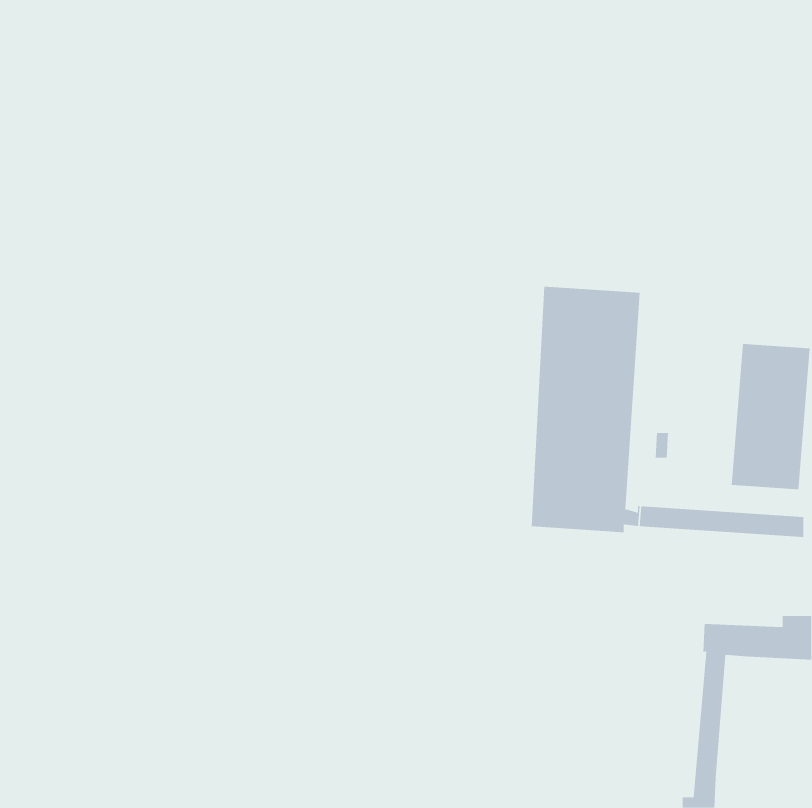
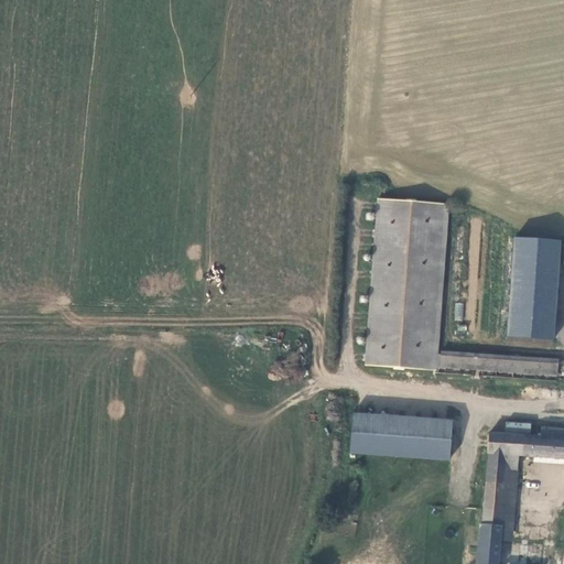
building: none -> [352,415,454,459]
building: none -> [497,454,518,541]

